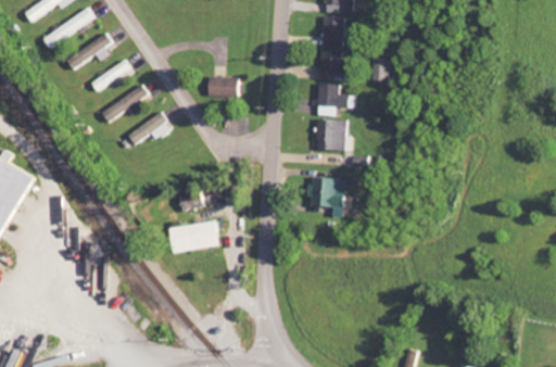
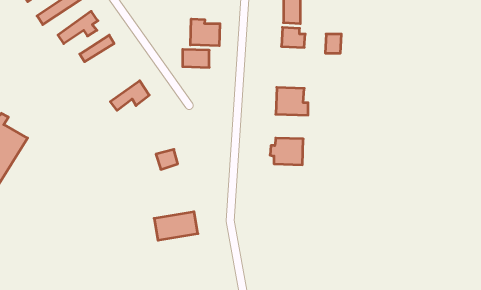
building: none -> [190,19,220,46]
building: [318,83,351,116] -> none
building: [101,84,148,122] -> none
building: [170,219,220,252] -> [154,212,198,240]

